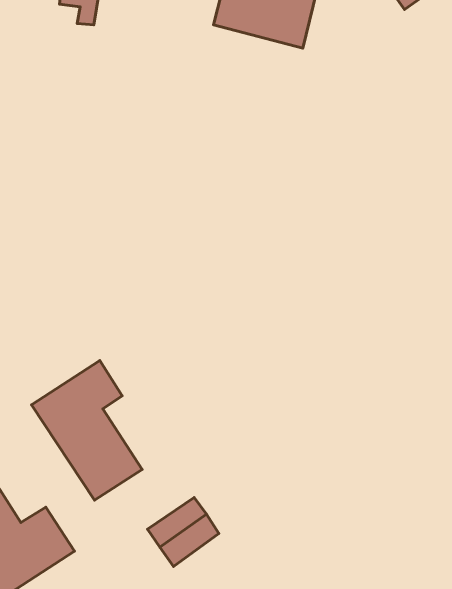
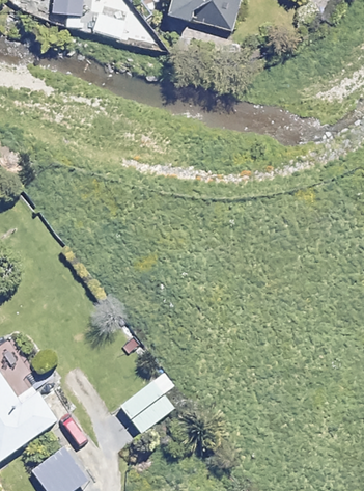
building: [31,361,142,500] -> none

